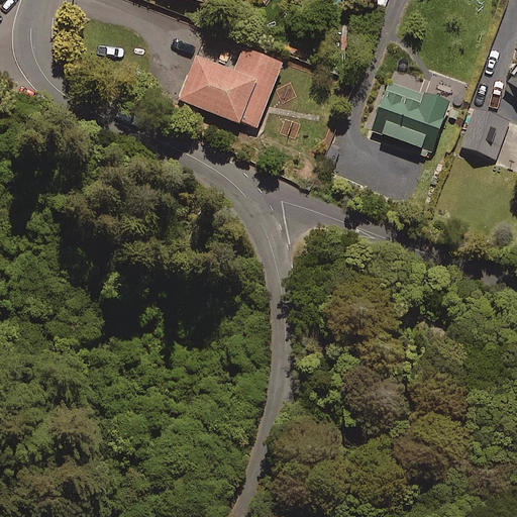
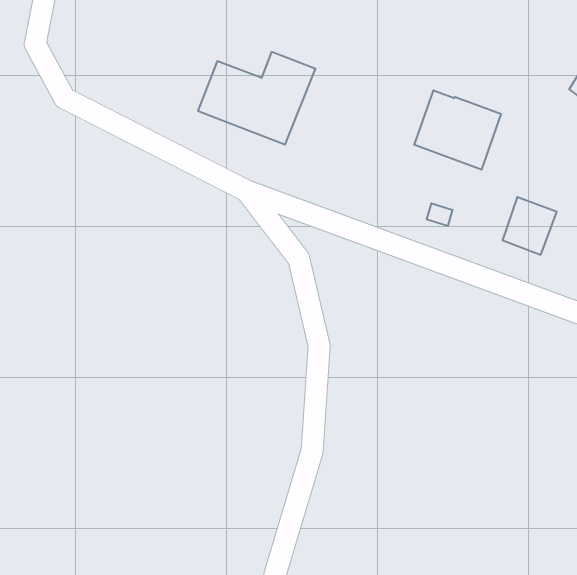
building: [462,107,511,159] -> [502,197,557,255]

